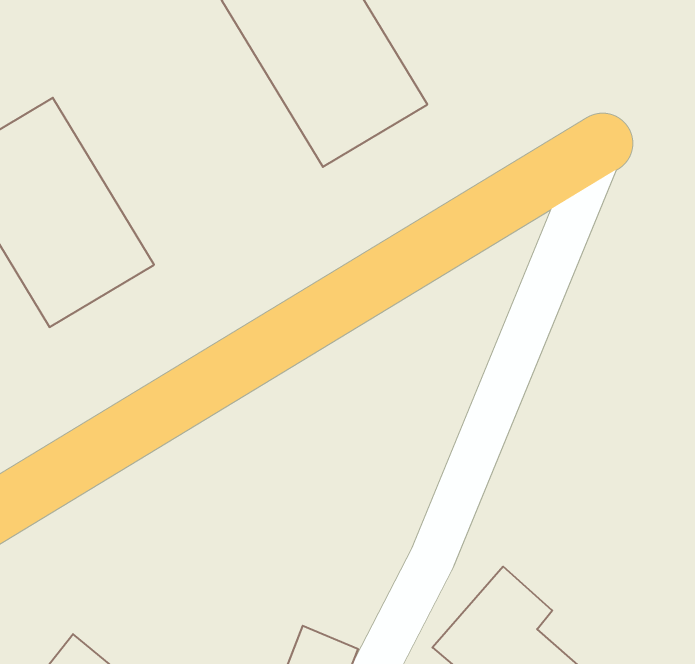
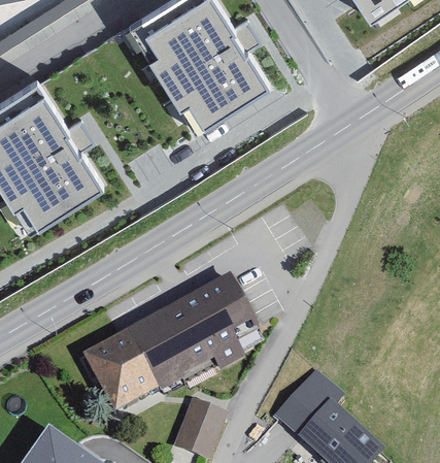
building: none -> [83,283,256,417]

